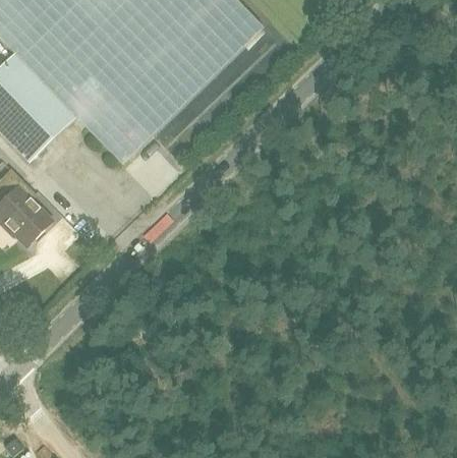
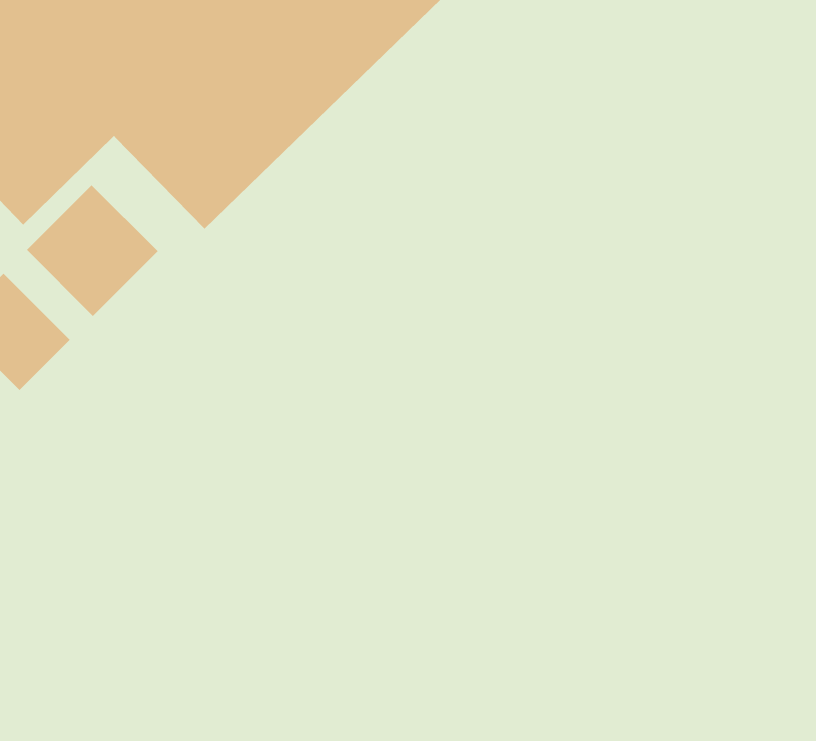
building: none -> [26,184,158,317]

